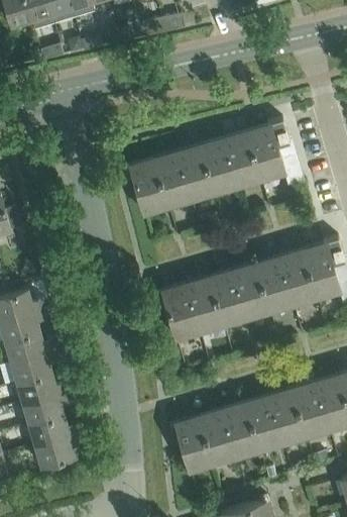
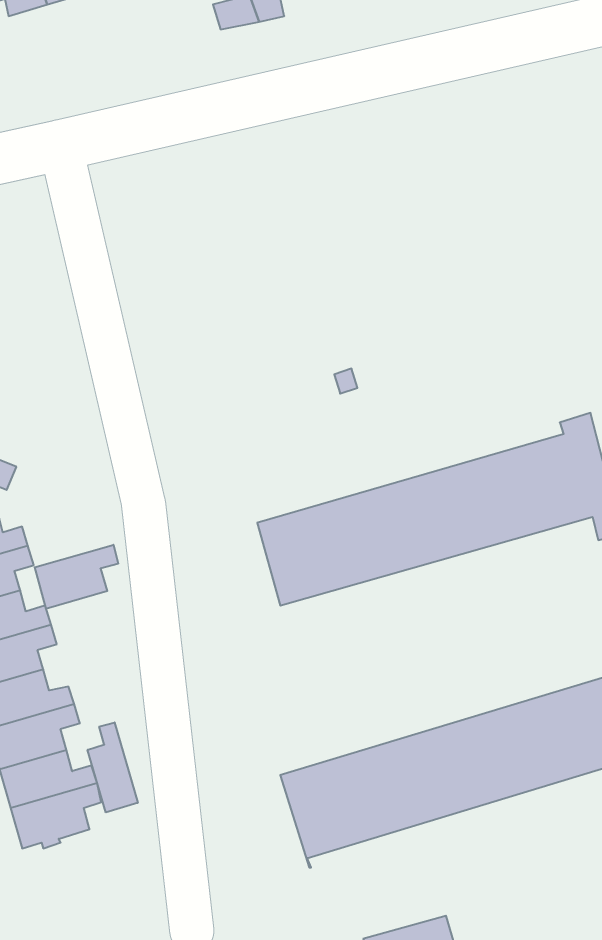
building: [130,118,303,217] -> none
building: none -> [35,545,118,609]
building: none -> [88,722,138,812]

